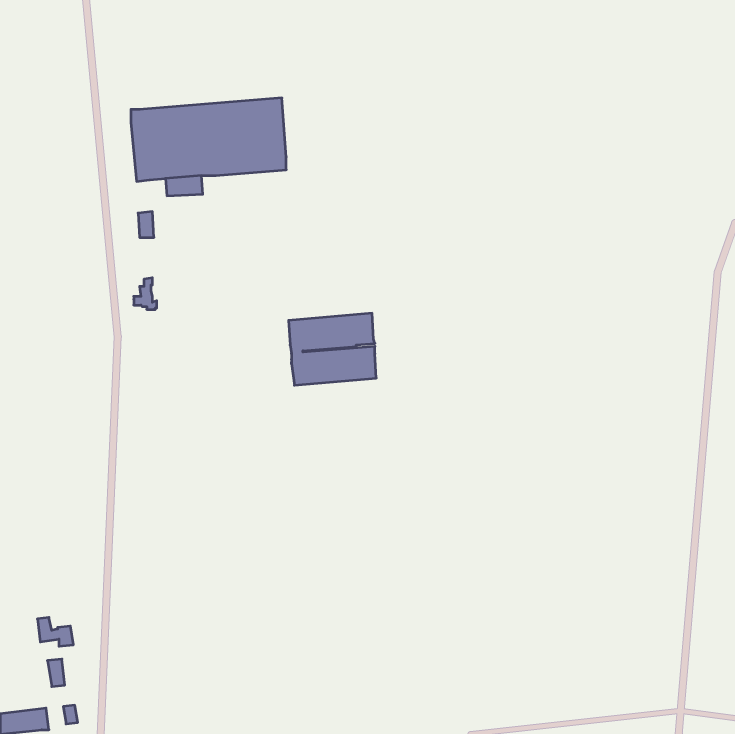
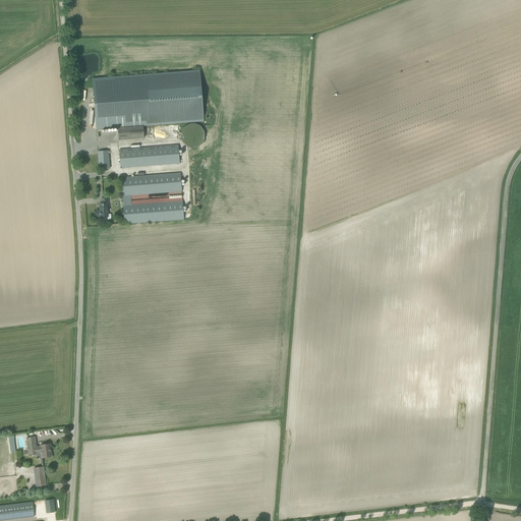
building: none -> [119,144,179,167]
building: [289,313,376,385] -> [121,172,183,223]

